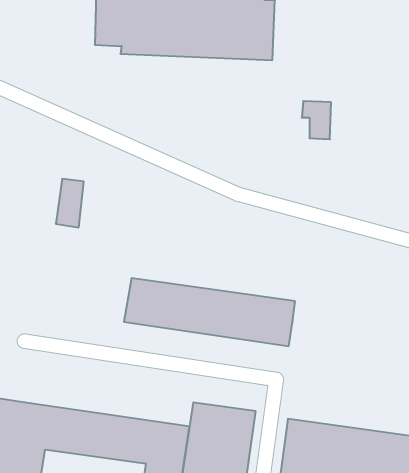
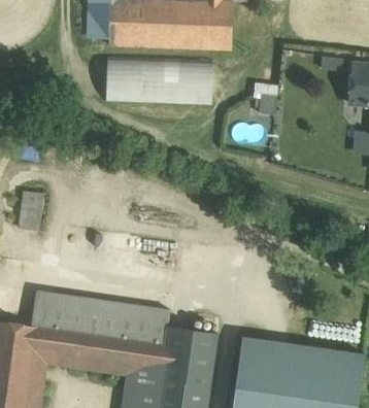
building: none -> [104,57,212,102]
building: [56,179,84,227] -> [20,192,42,231]
building: [124,278,295,346] -> [31,291,169,345]

